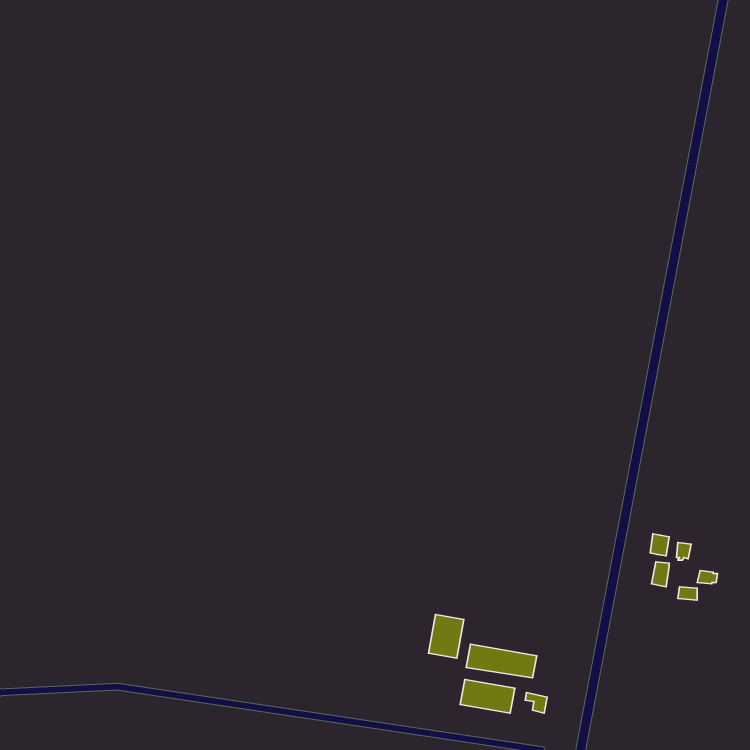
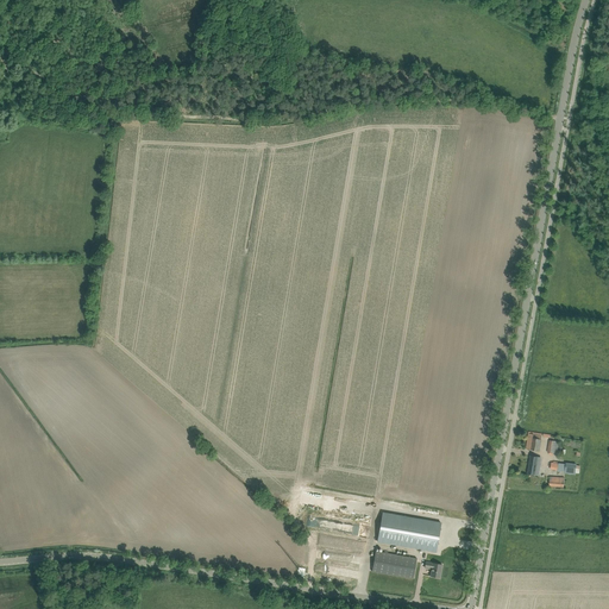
building: [429,615,464,658] -> none

